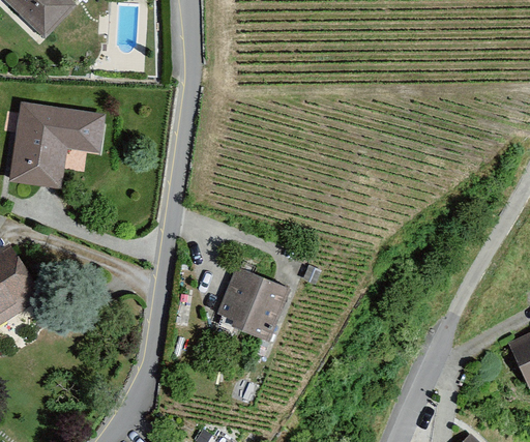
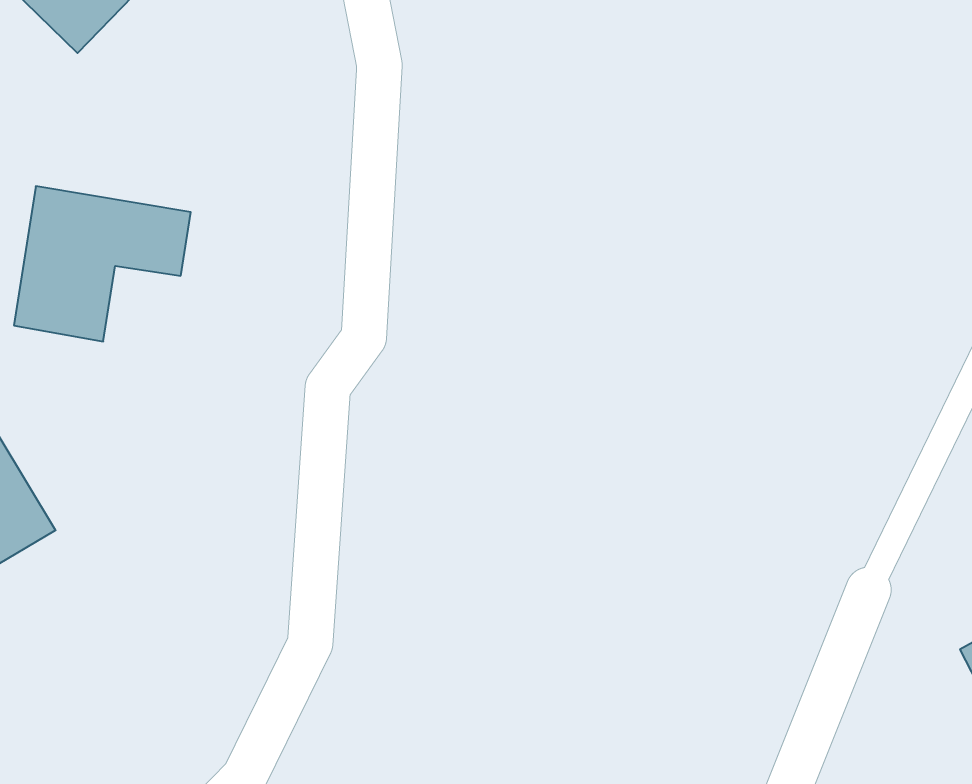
building: [215,270,286,343] -> none

